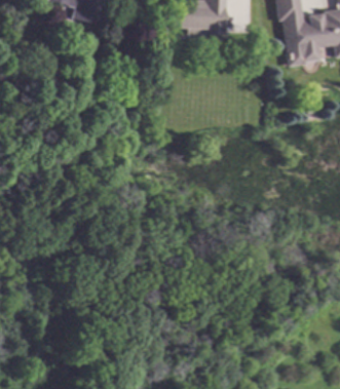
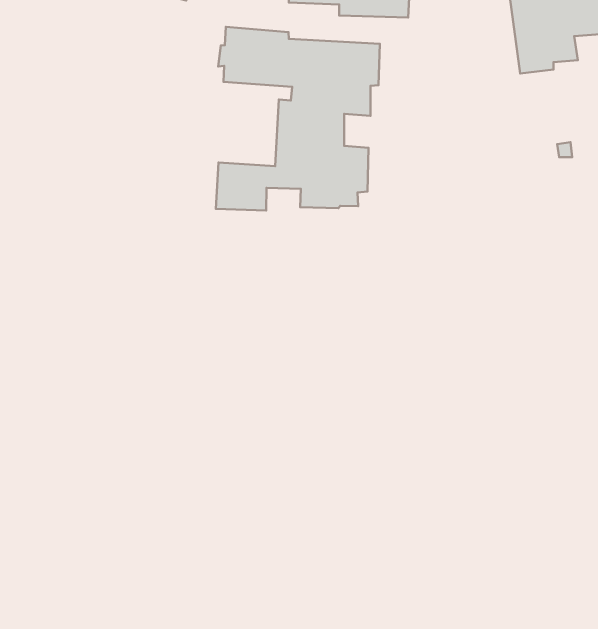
building: none -> [216,27,380,211]

